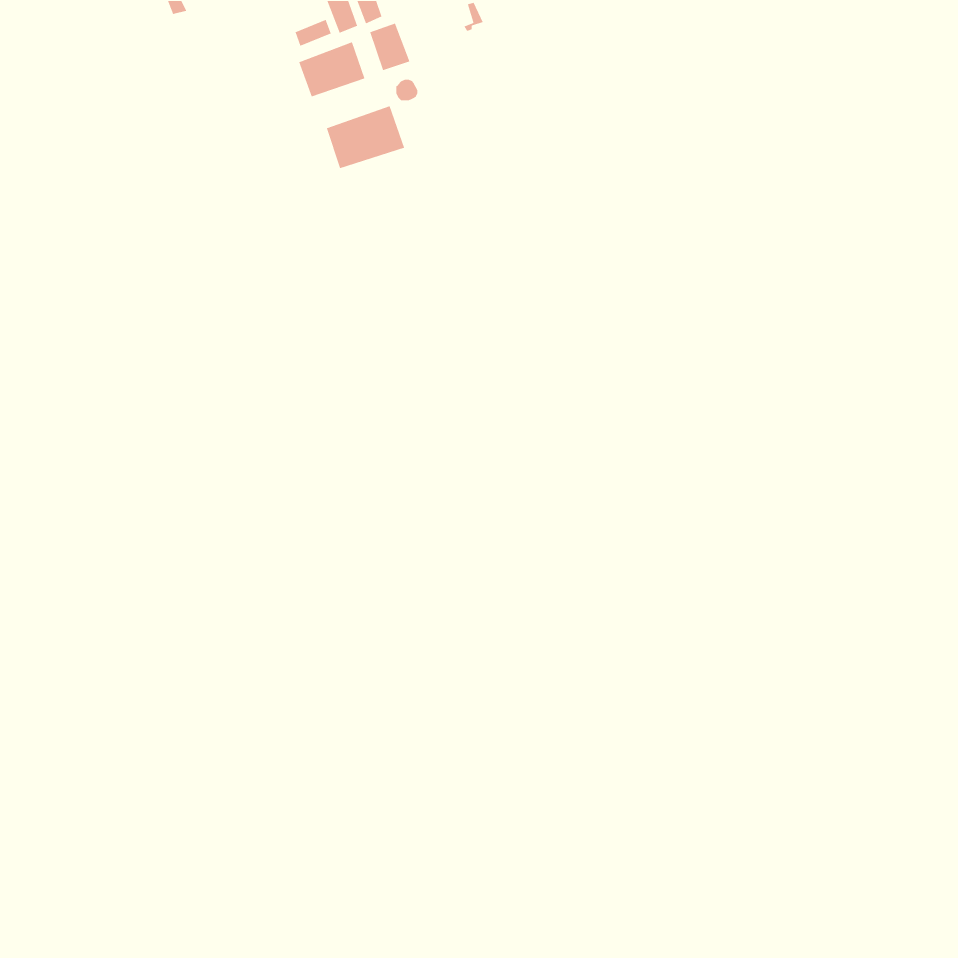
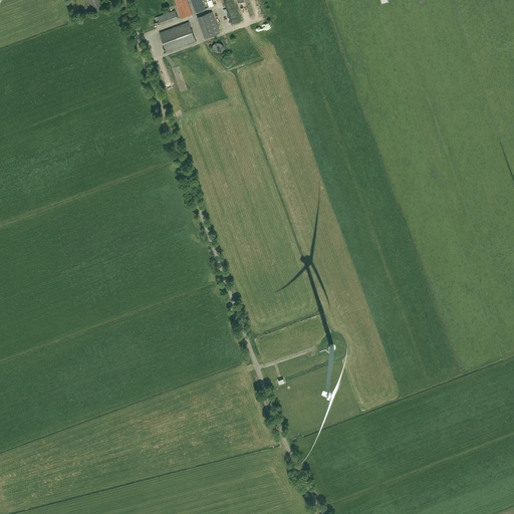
building: [326,105,405,169] -> none

